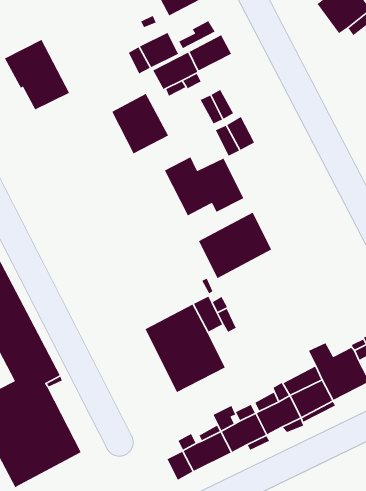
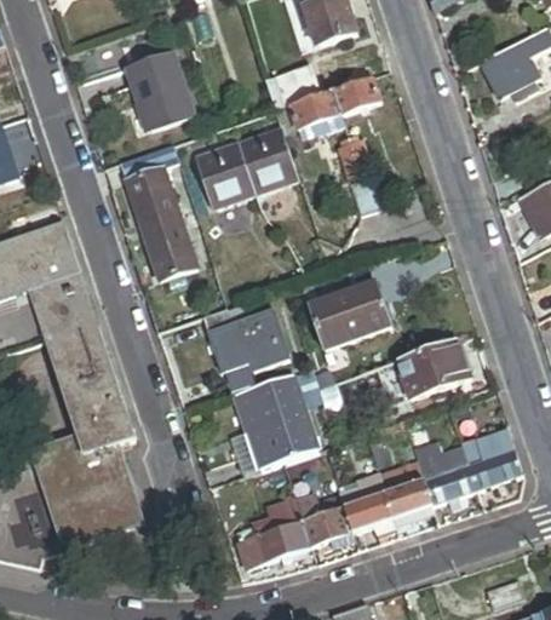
building: none -> [193,144,252,209]
building: none -> [125,167,196,281]
building: [164,156,244,216] -> [205,305,289,373]
building: none -> [396,340,470,400]

